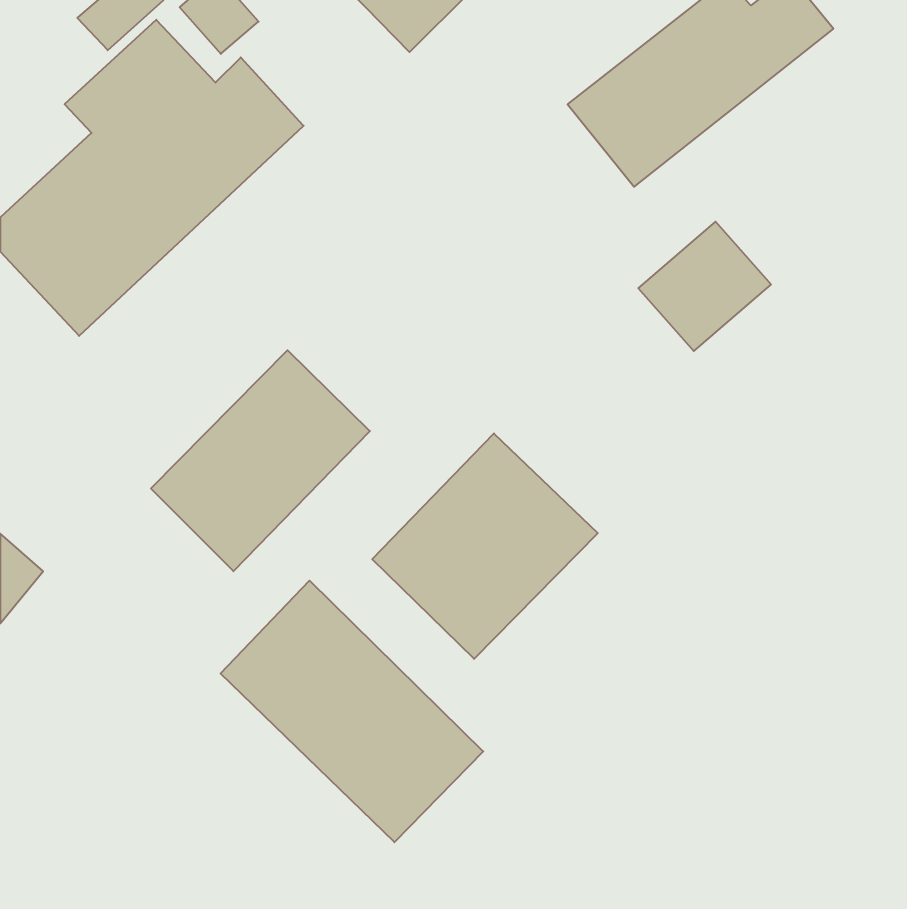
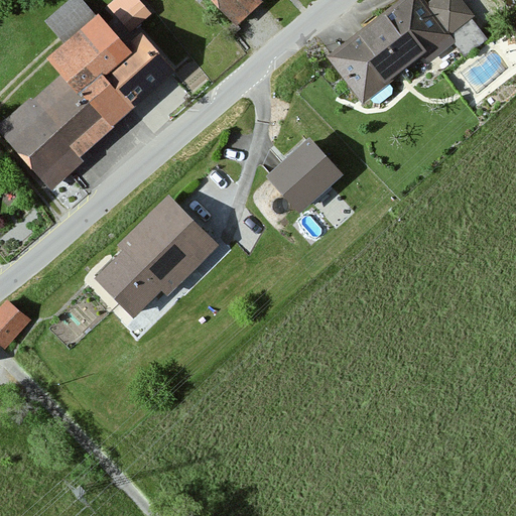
building: [638,222,771,351] -> [269,137,344,210]
building: [372,433,598,659] -> none
building: [221,581,483,842] -> none

